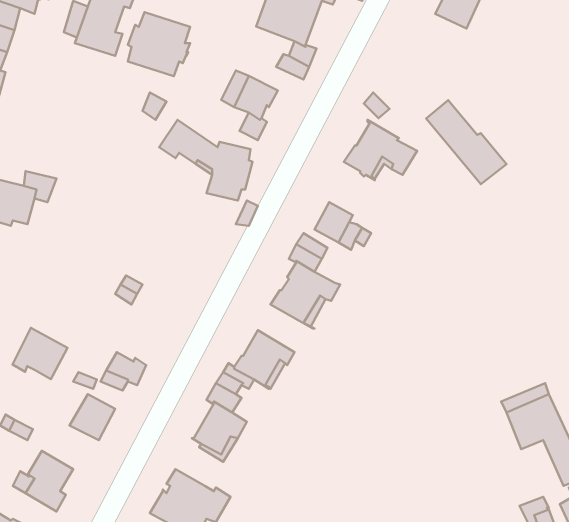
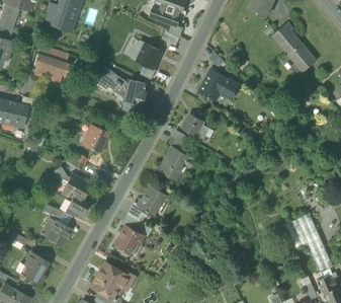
building: [128,12,190,76] -> [33,47,68,82]
building: [426,100,507,184] -> [272,25,317,72]
building: none -> [82,125,108,153]
building: [12,328,67,379] -> [61,173,91,202]

